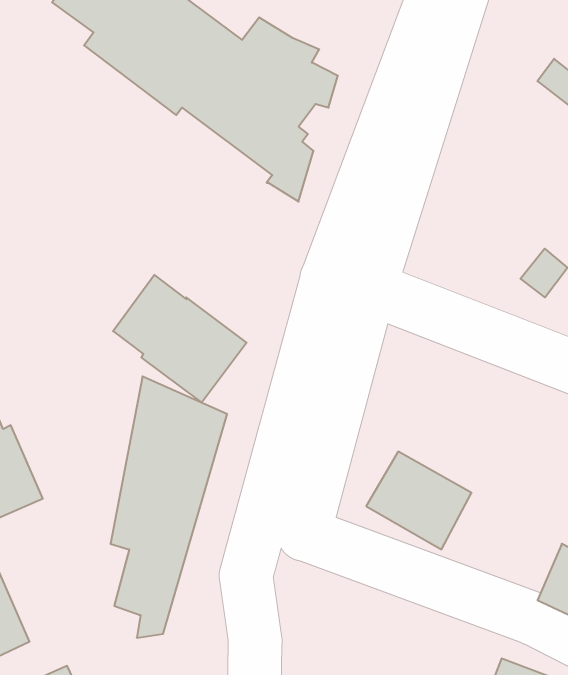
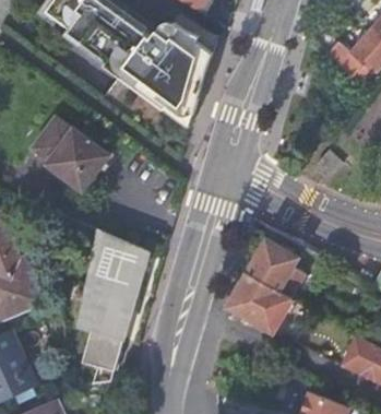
building: [113,275,247,403] -> [29,117,107,191]
building: none -> [248,241,305,298]

